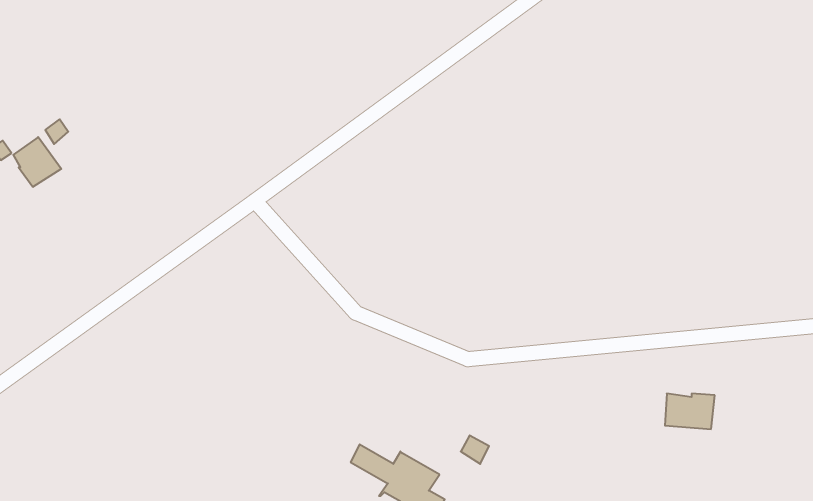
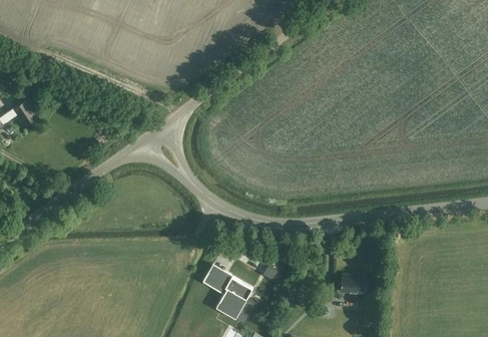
building: [665,394,715,429] -> [339,274,367,294]

